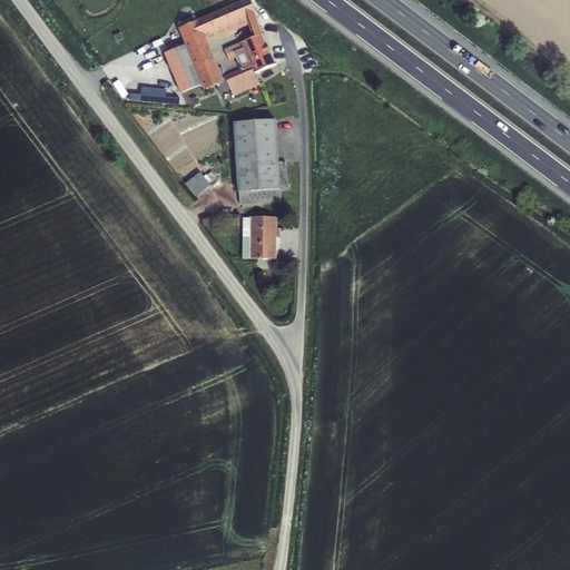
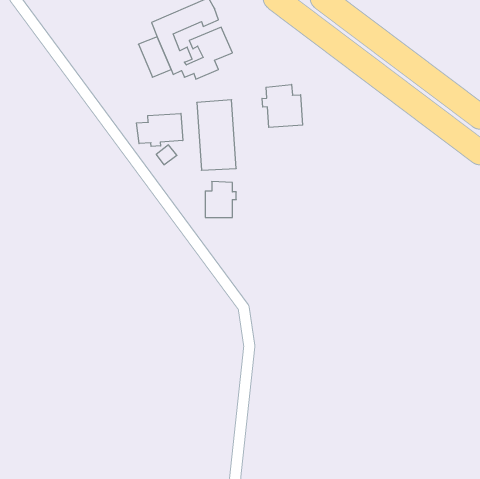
building: none -> [262,84,303,127]
building: none -> [136,113,183,146]

